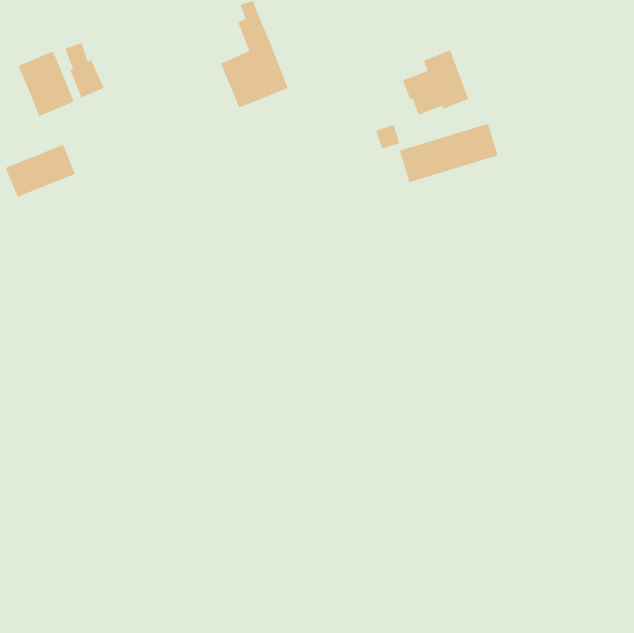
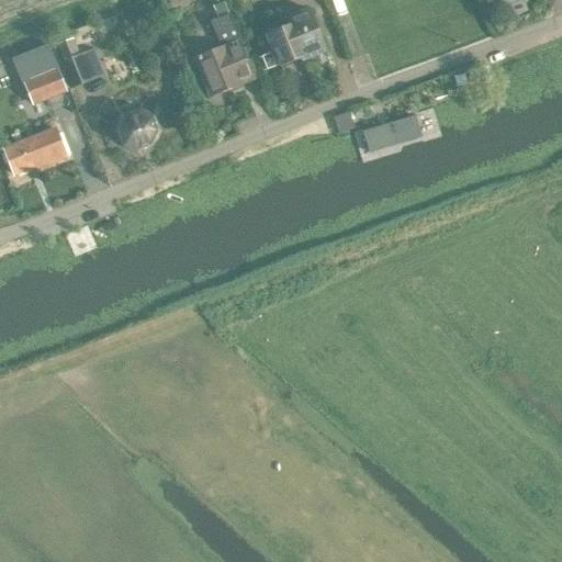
building: [402,49,469,115] -> [266,7,325,65]
building: none -> [114,105,161,153]

